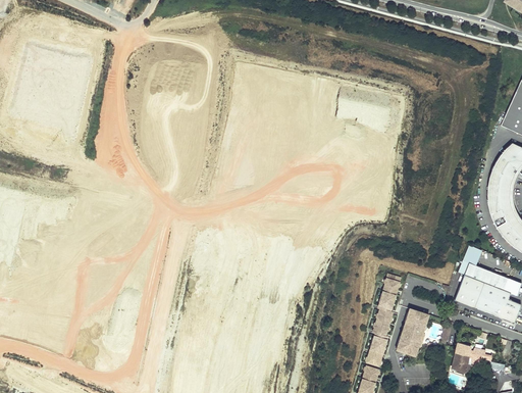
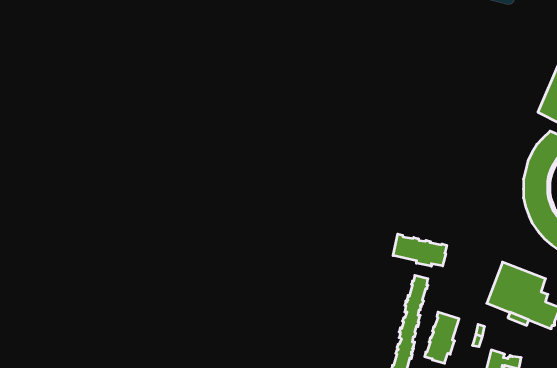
building: none -> [393,234,447,266]

